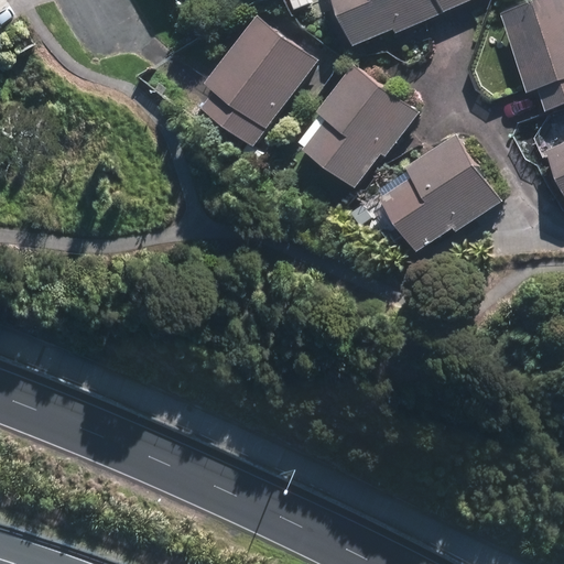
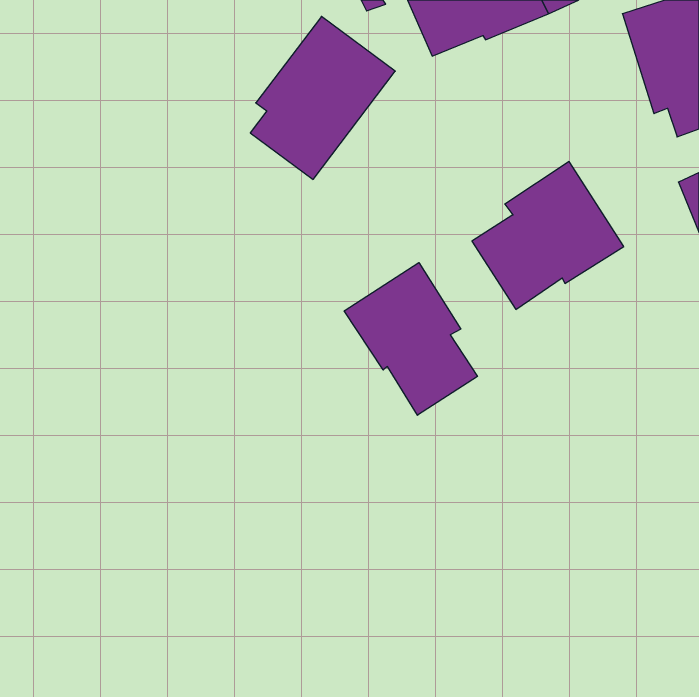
building: [303,62,417,186] -> none
building: none -> [344,263,477,415]

